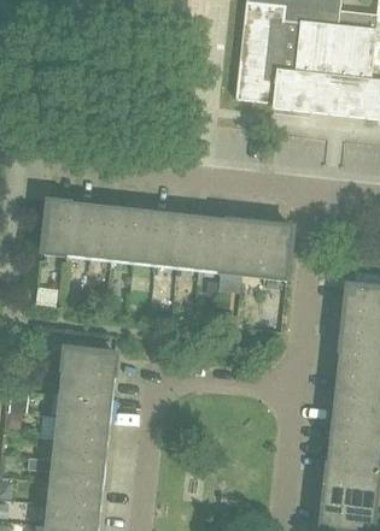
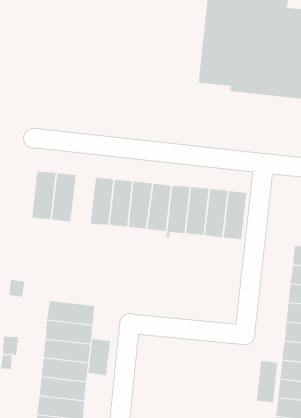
building: [89,203,117,260] -> none
building: none -> [88,338,110,376]
building: none -> [256,360,278,403]

